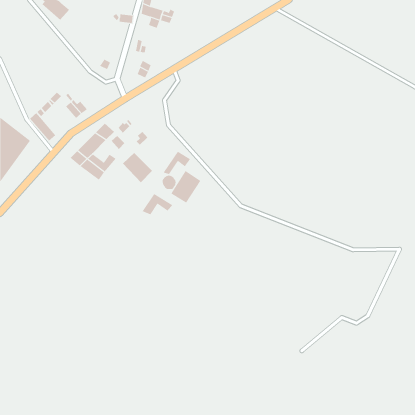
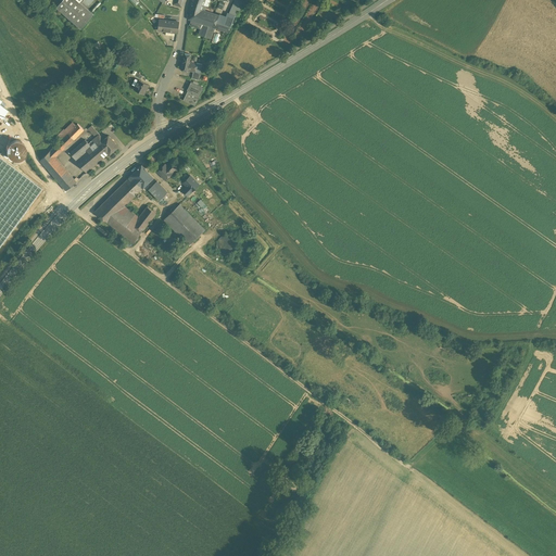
building: none -> [68,138,101,172]
building: [163,151,191,175] -> none
building: [170,170,201,203] -> none
building: [142,193,173,215] -> none

